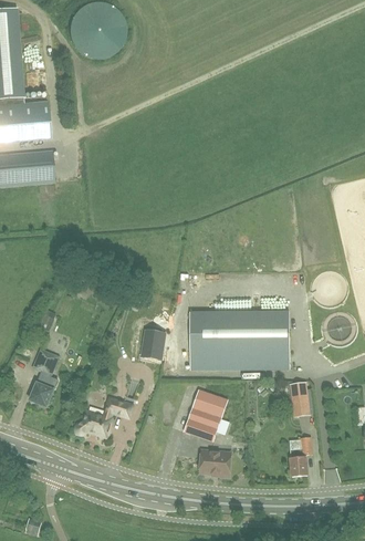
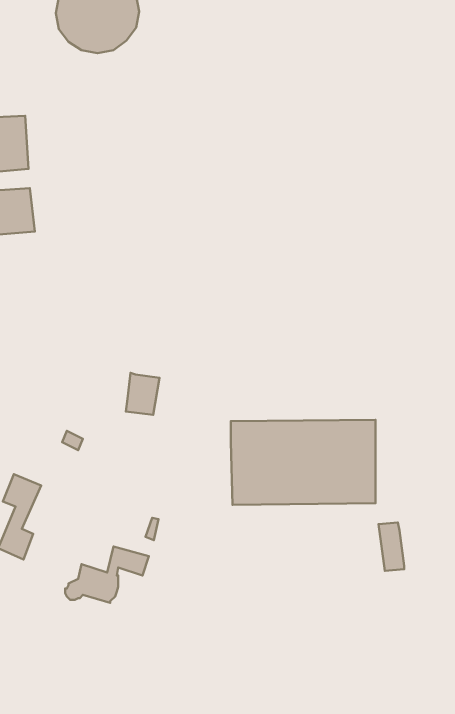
building: [144,329,167,357] -> [126,373,160,415]
building: [182,388,227,440] -> none
building: [289,436,312,475] -> none
building: [199,448,230,476] -> none

